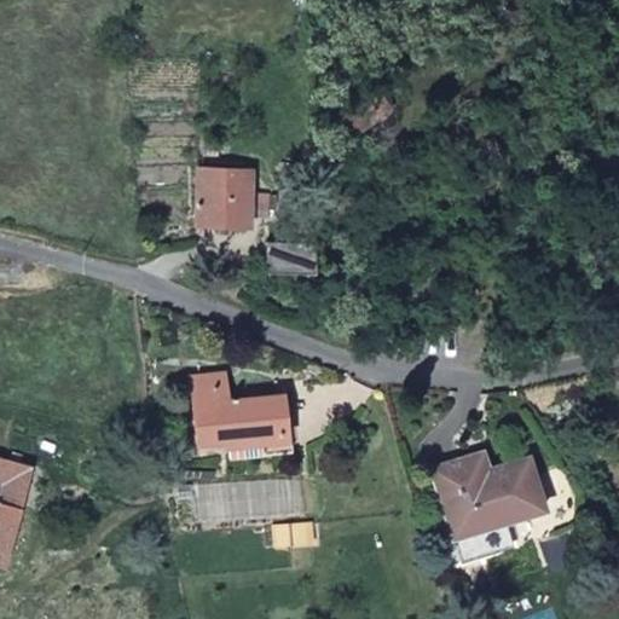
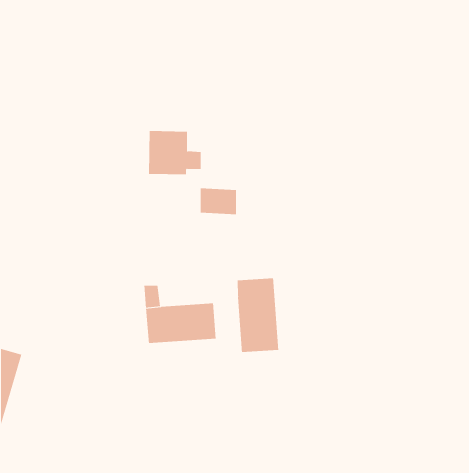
building: none -> [237,278,279,353]
building: [430,453,551,538] -> none

